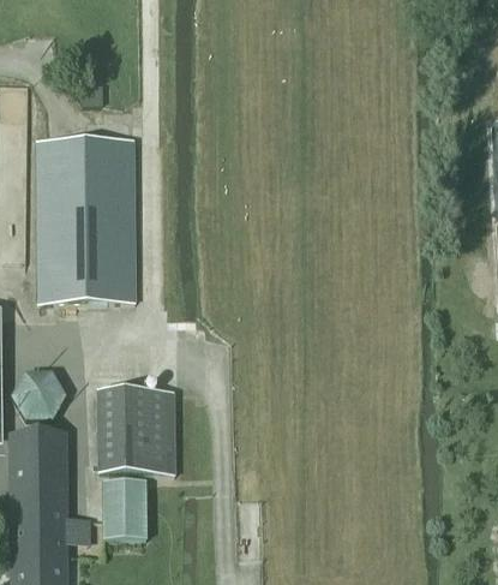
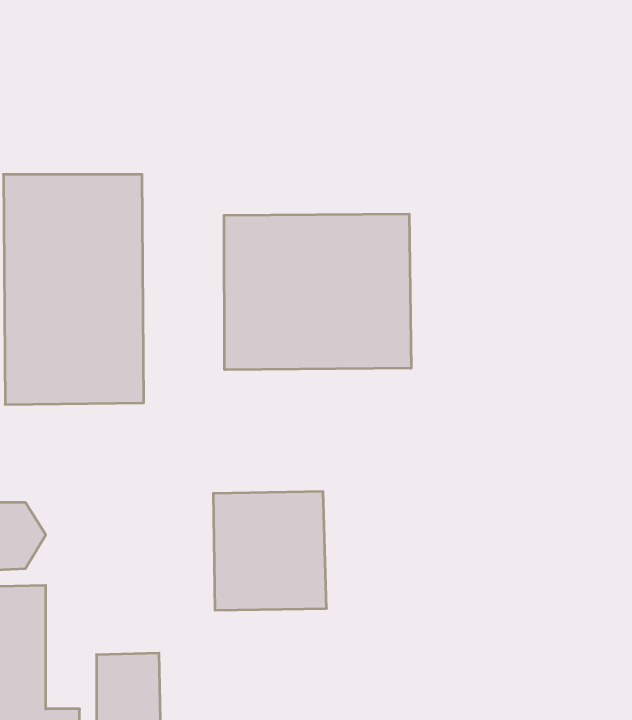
building: none -> [224,214,411,370]
building: [96,389,176,473] -> [213,492,327,610]

